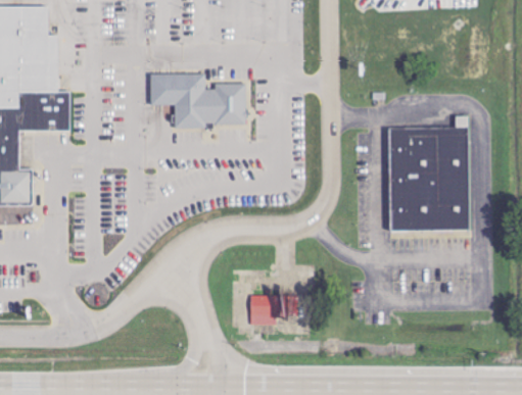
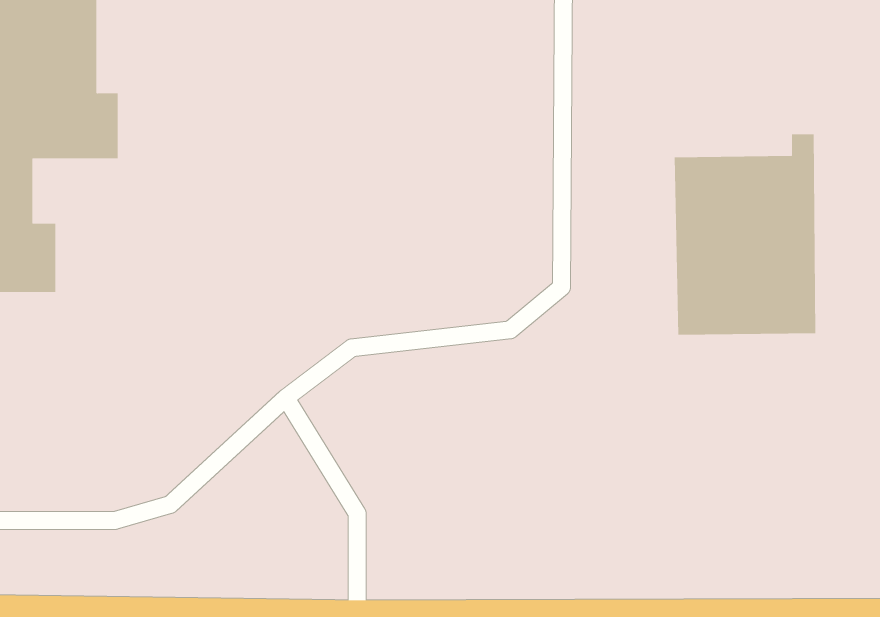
building: [147,73,244,128] -> none
building: [247,293,295,323] -> none

